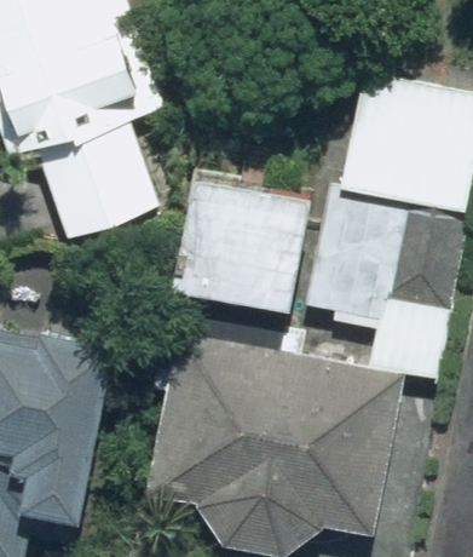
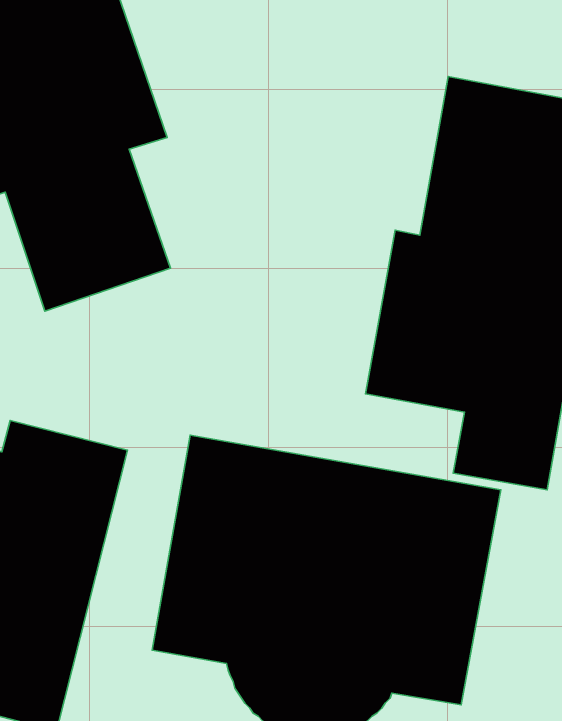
building: [177,166,312,299] -> none

